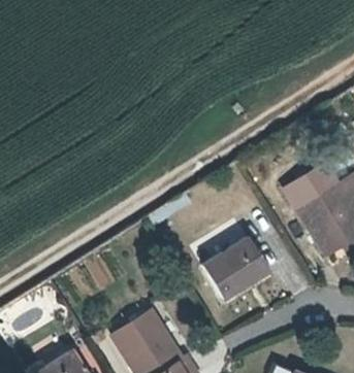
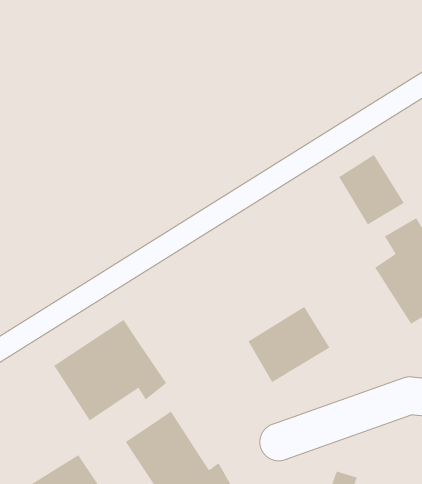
building: none -> [338,154,405,226]
building: none -> [53,319,167,421]

